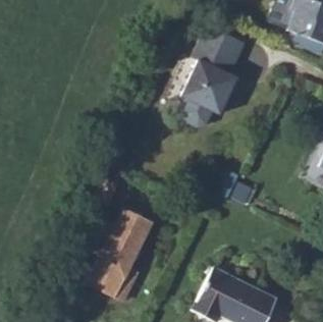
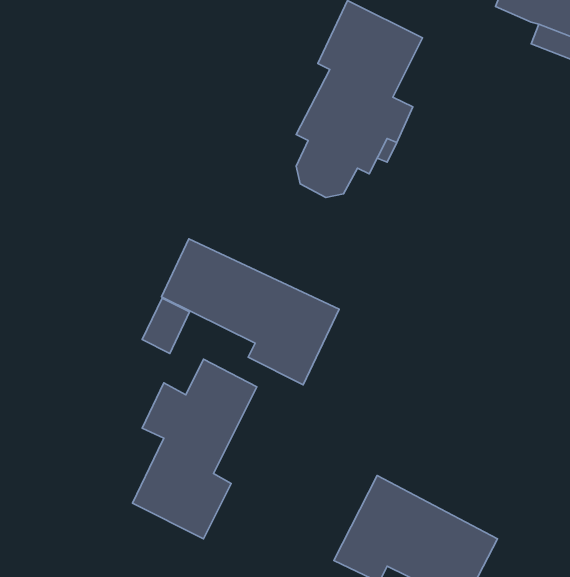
building: none -> [161,239,339,385]

